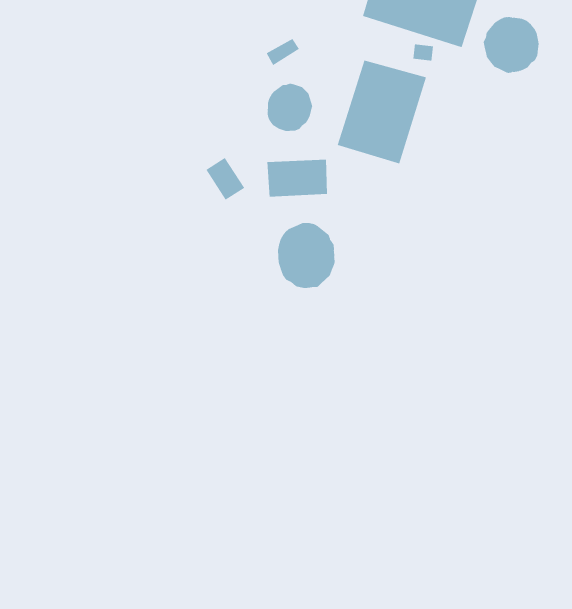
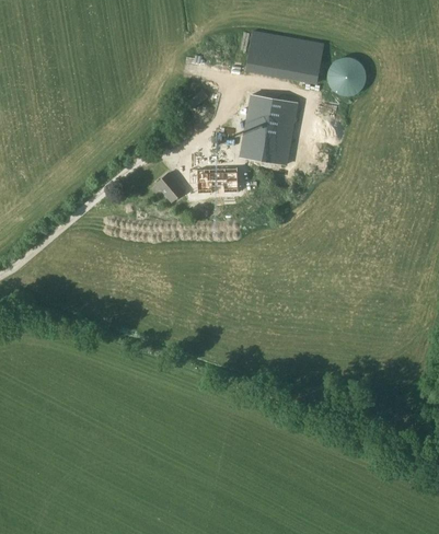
building: [267,83,313,132] -> none
building: [277,222,335,289] -> none

